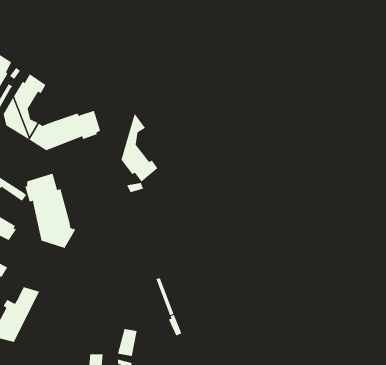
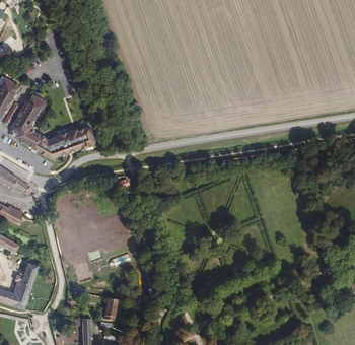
building: [121,113,158,183] -> none
building: [24,173,76,249] -> none

